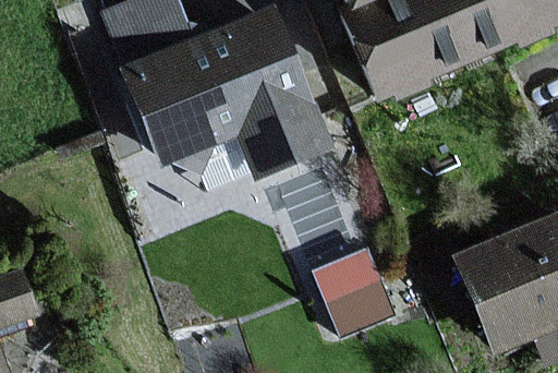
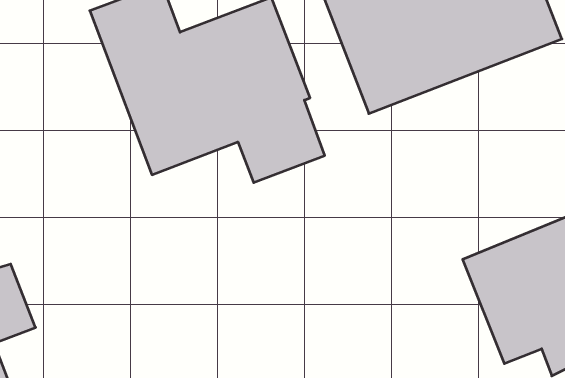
building: [315,237,398,327] -> none

